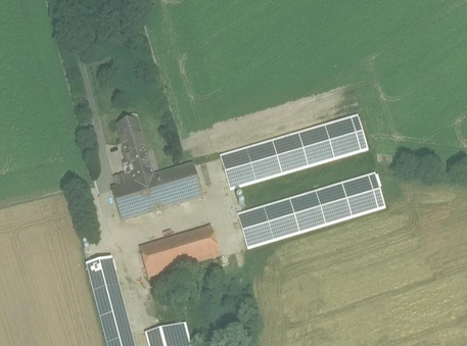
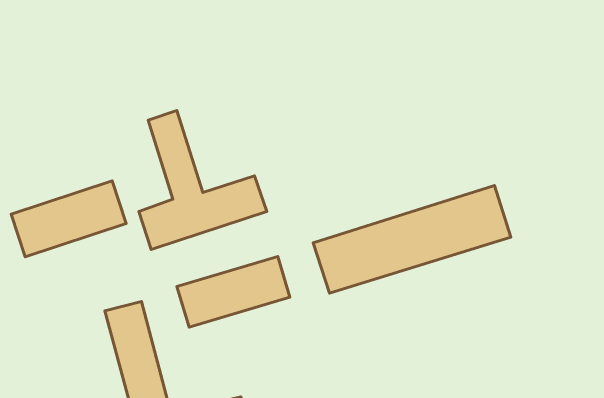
building: [220,109,365,191] -> none
building: none -> [11,181,126,257]

